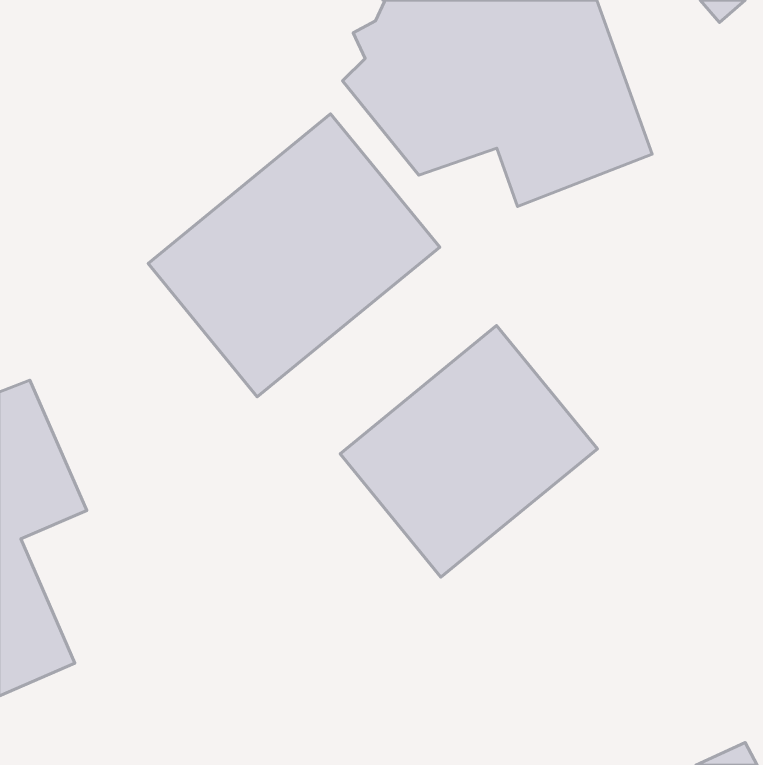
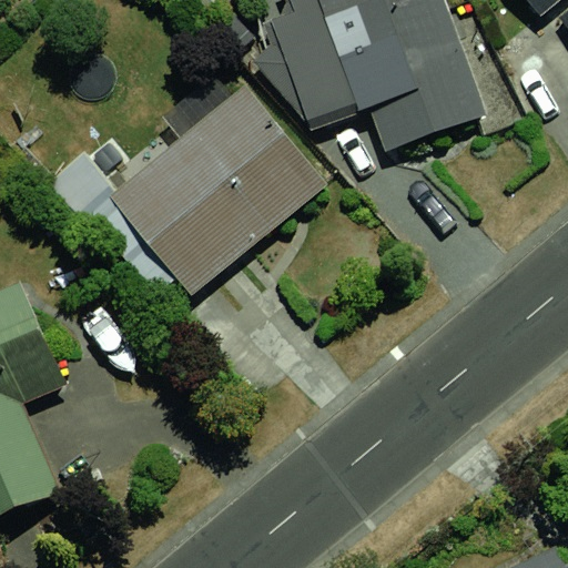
building: [340,326,597,577] -> none

